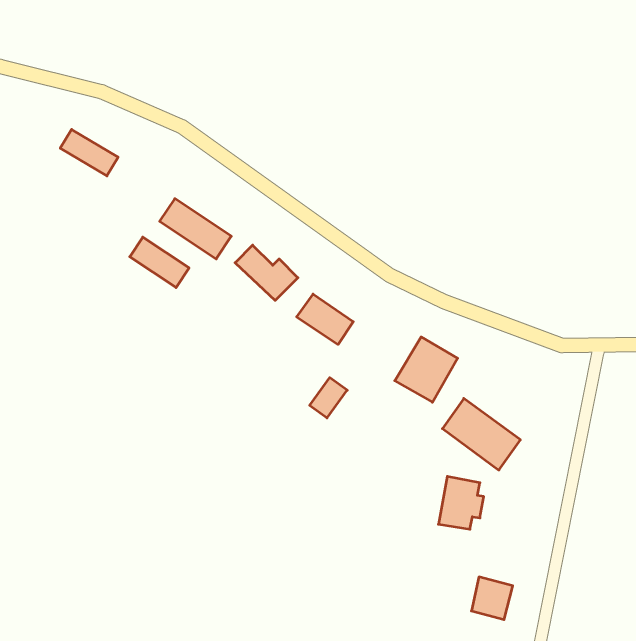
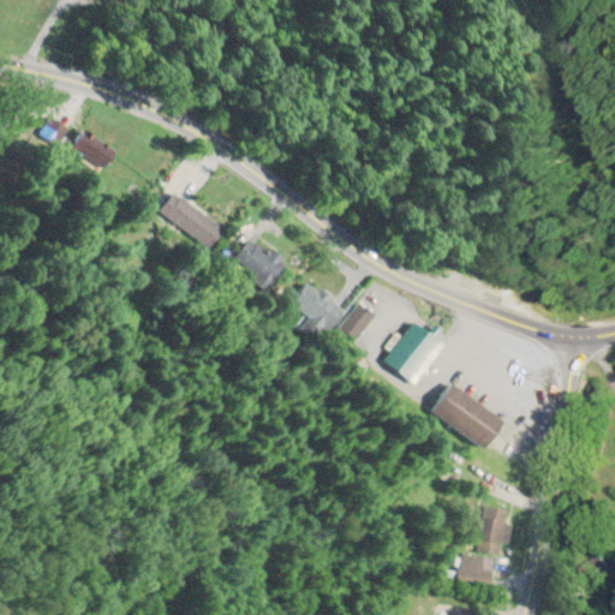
building: [130,237,189,288] -> none
building: [310,378,347,418] -> [339,304,375,342]
building: [438,476,484,529] -> [470,504,513,555]

